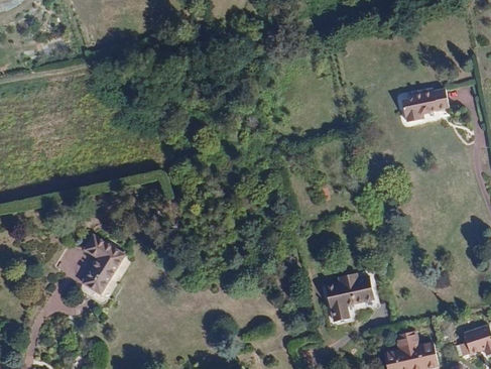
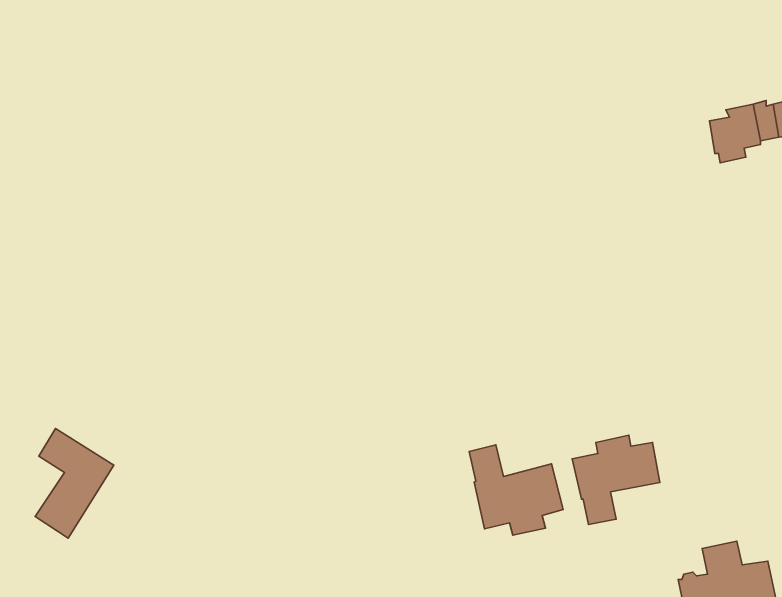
building: [82,235,125,295] -> [35,429,114,538]
building: none -> [469,445,563,535]

